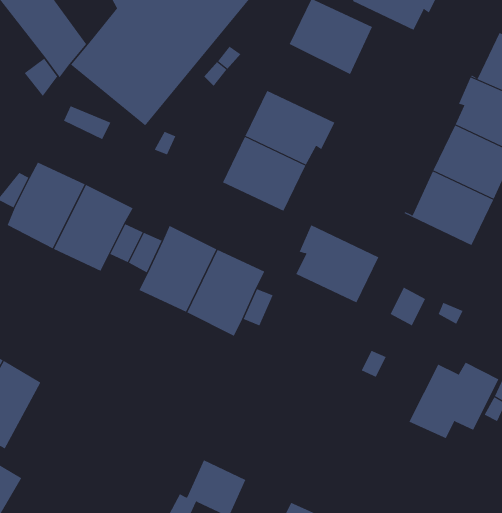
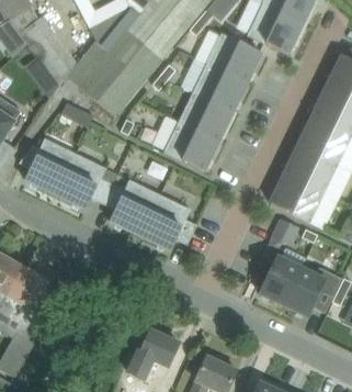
building: none -> [192,63,246,113]
building: [295,225,379,303] -> [270,171,323,222]
building: none -> [259,256,302,305]

